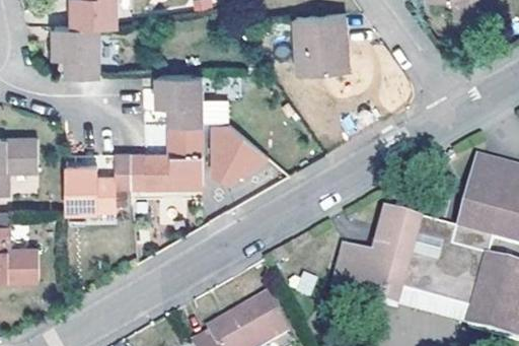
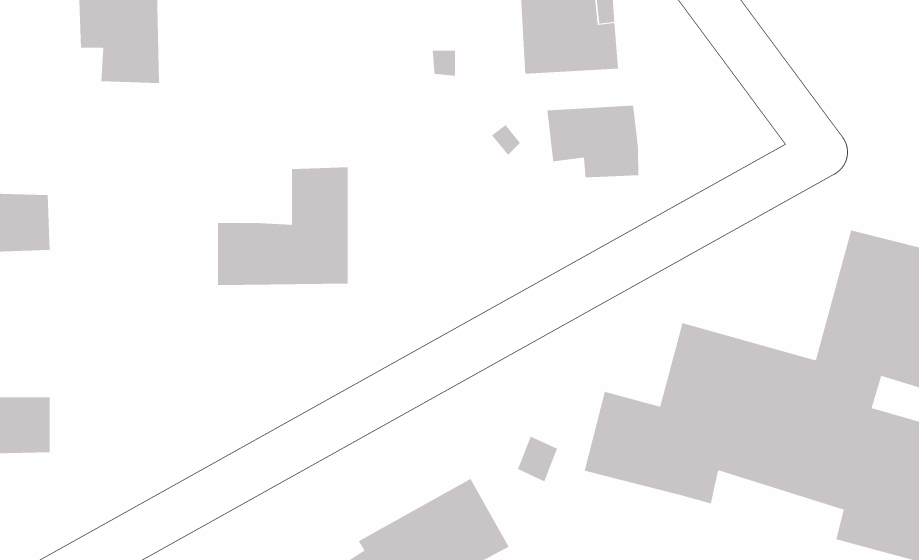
building: [156,73,227,123] -> none
building: none -> [547,105,639,178]
building: [208,125,262,177] -> none
building: [64,152,129,208] -> none

